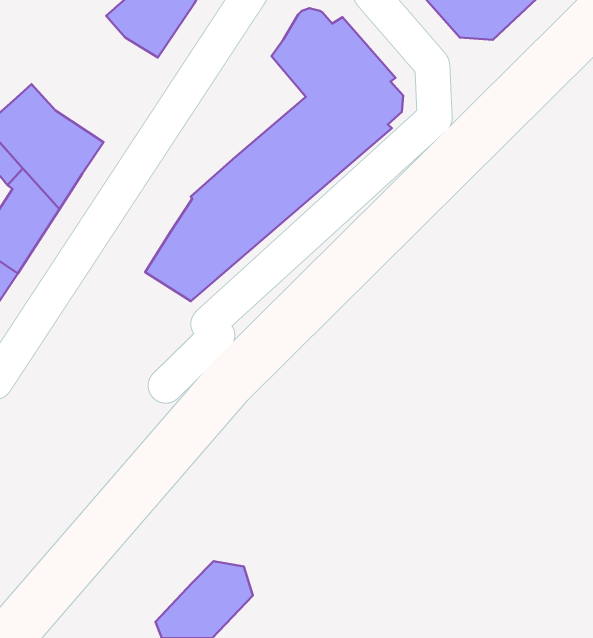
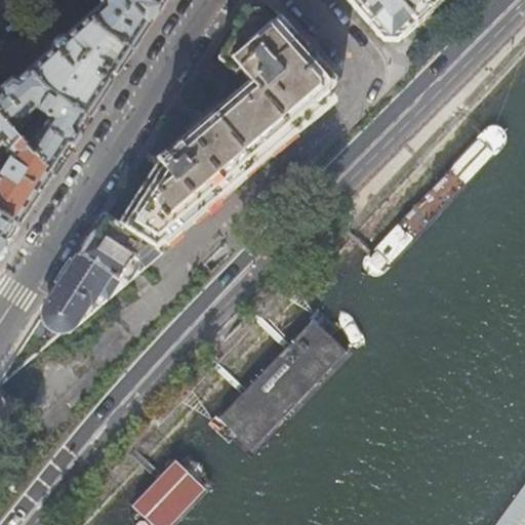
building: none -> [27,15,129,118]
building: none -> [40,213,156,325]
building: none -> [212,316,348,455]

